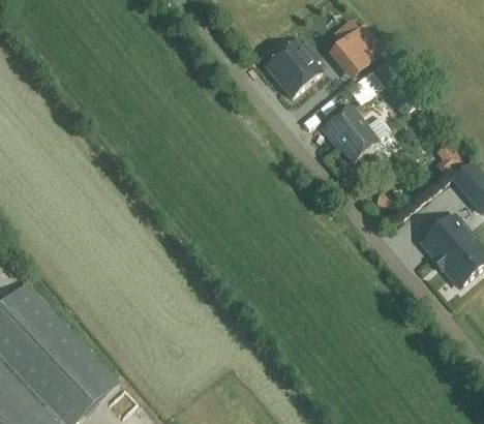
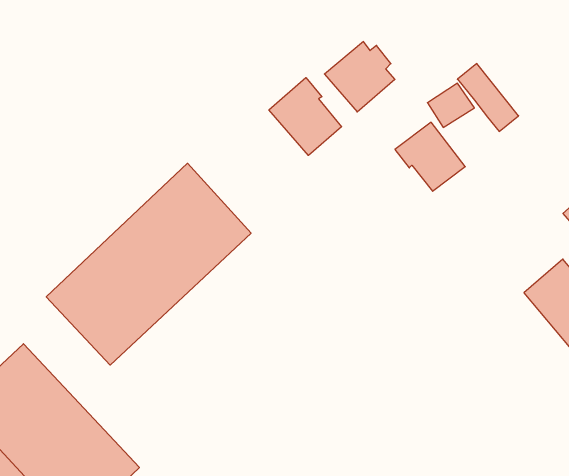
building: [329,25,384,79] -> none
building: none -> [269,78,342,155]
building: none -> [46,163,251,365]

